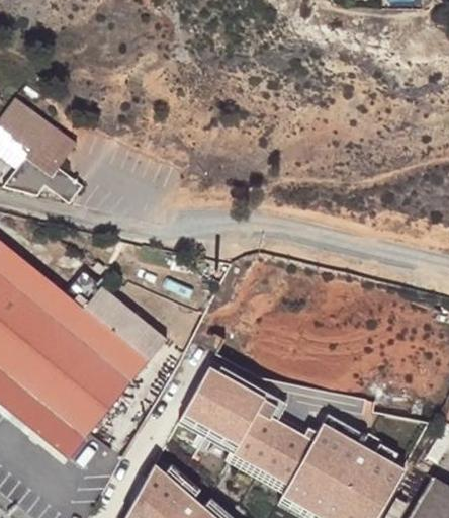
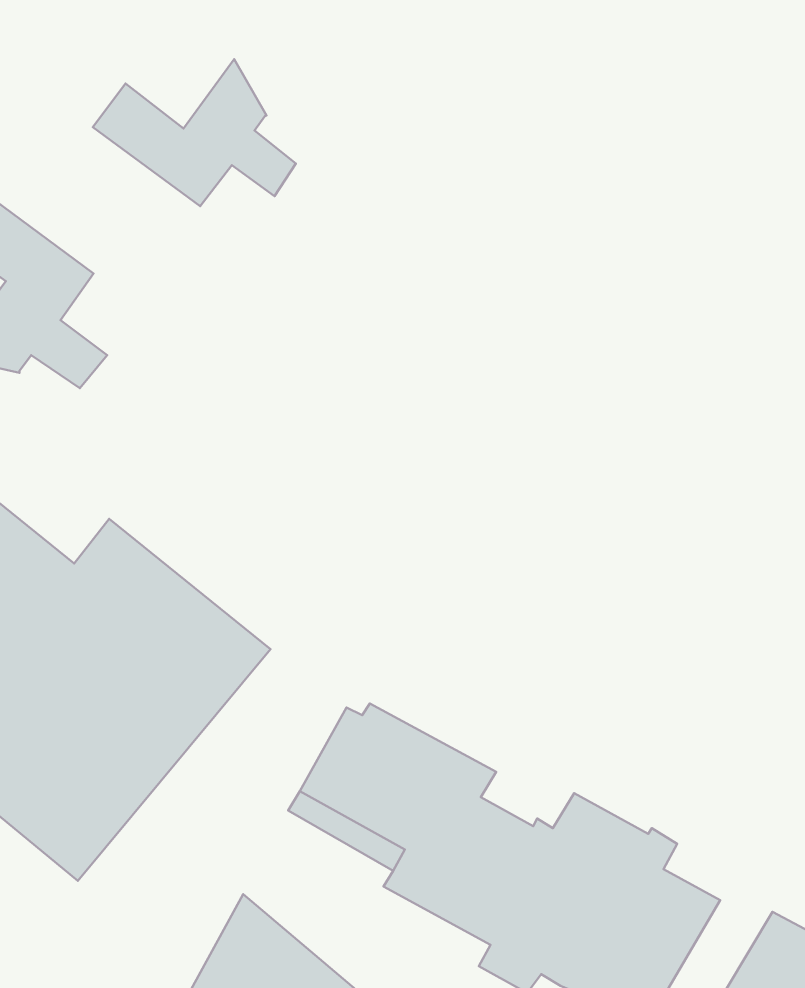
building: none -> [93,59,296,206]

